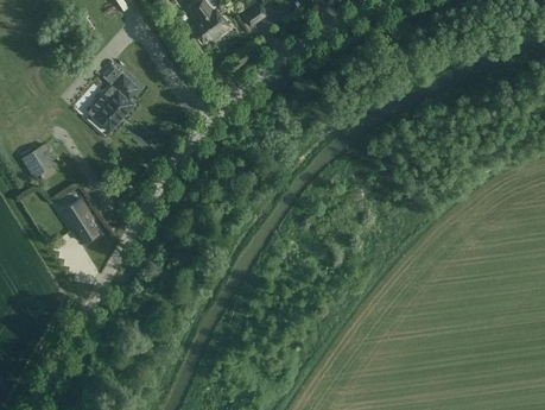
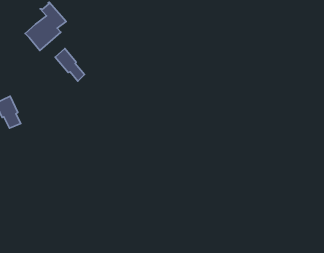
building: none -> [55,49,85,81]

